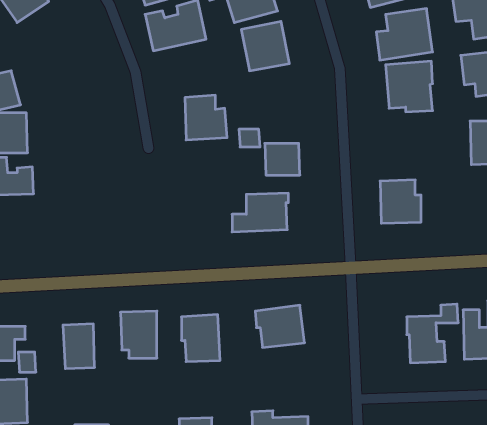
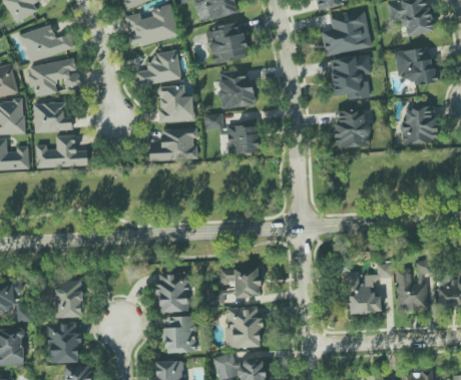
building: none -> [22,24,74,61]
building: none -> [137,49,181,84]
building: none -> [28,58,82,96]
building: none -> [217,68,256,109]
building: none -> [34,101,73,131]
building: none -> [37,134,88,166]
building: [380,180,421,223] -> [335,109,370,146]
building: [232,193,288,232] -> [149,127,197,160]
building: [120,311,157,358] -> [48,322,79,362]
building: none -> [226,307,264,347]
building: none -> [164,316,196,352]

